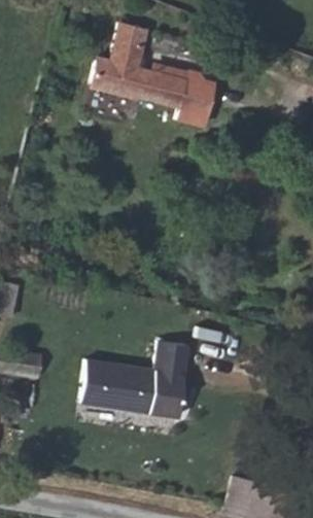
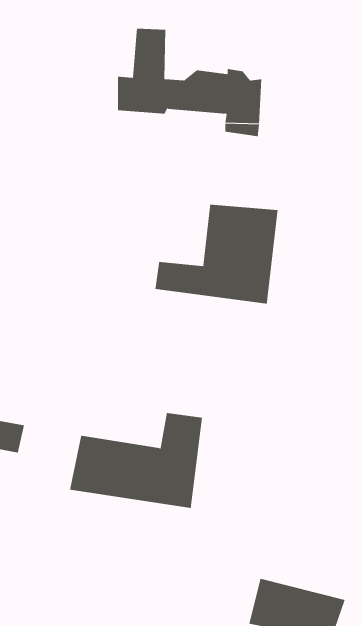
building: none -> [155,204,278,305]

